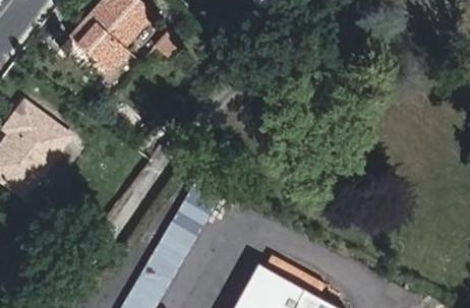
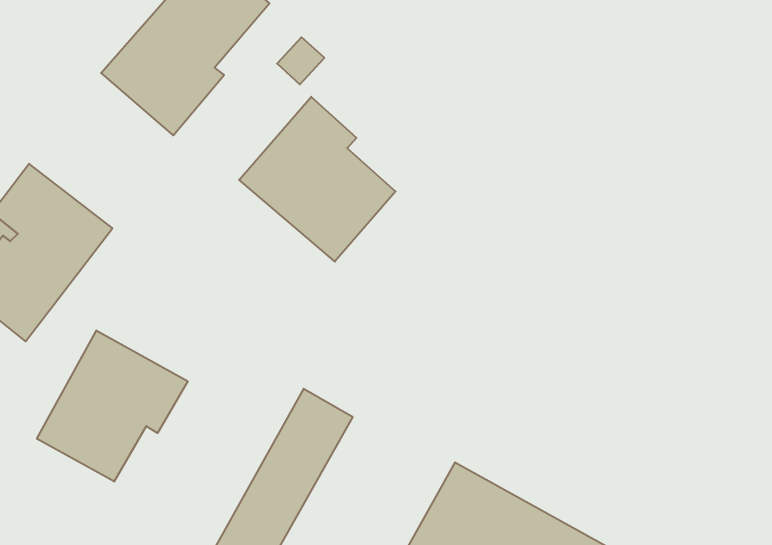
building: none -> [239,97,396,262]
building: none -> [37,330,188,482]

